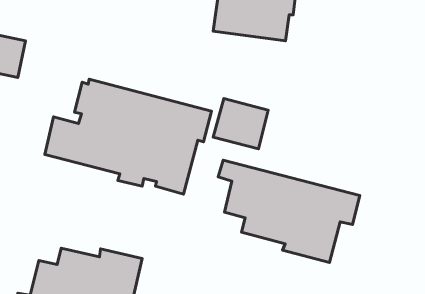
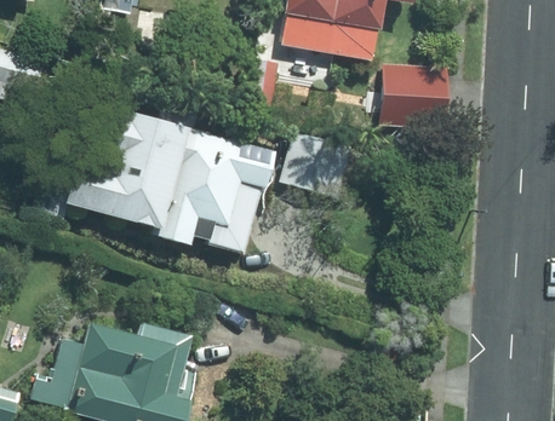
building: none -> [379,67,445,128]
building: [218,160,360,263] -> none

